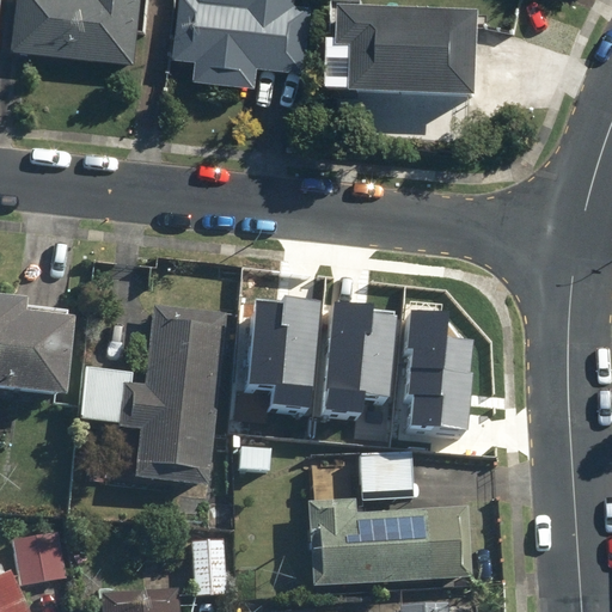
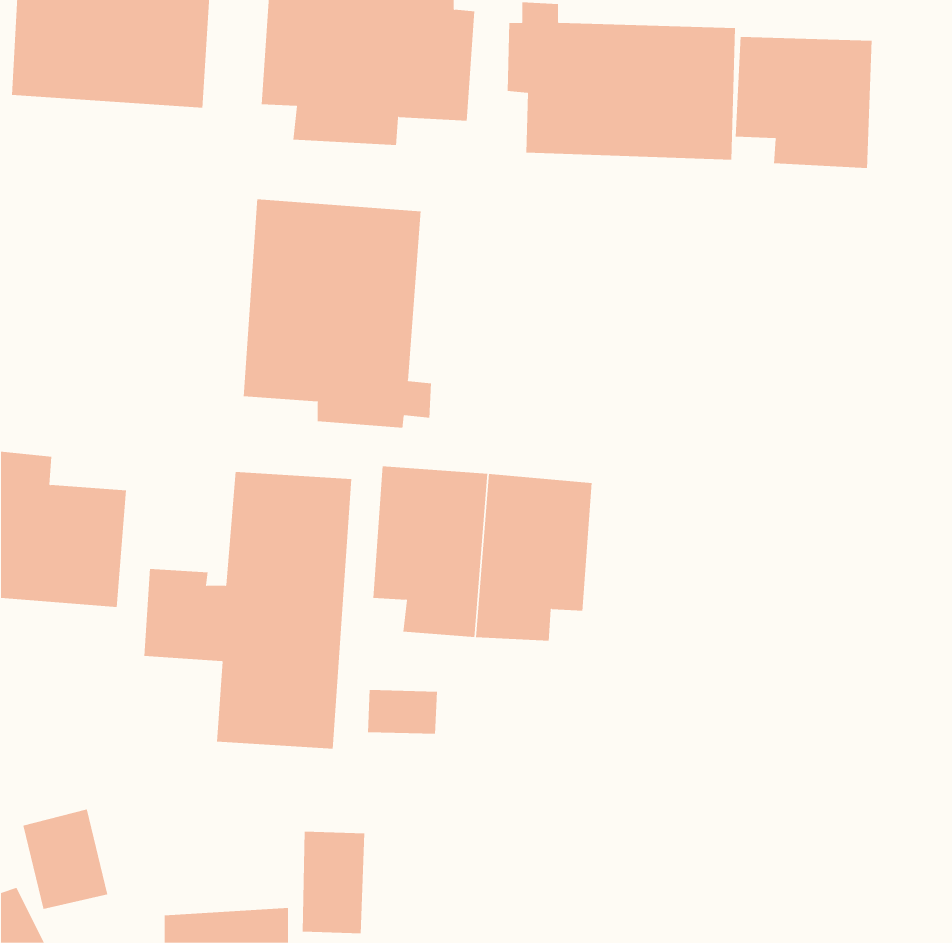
building: none -> [735,36,872,169]
building: none -> [243,199,432,428]
building: [397,313,465,426] -> none
building: [311,448,476,587] -> none

